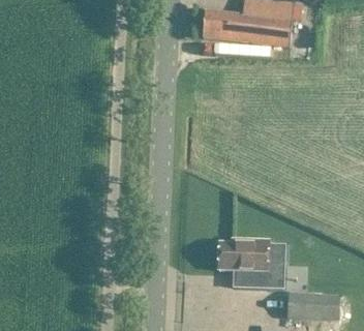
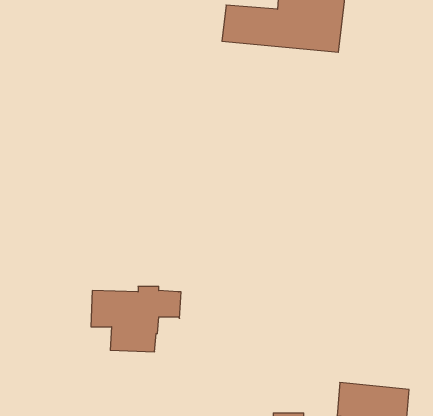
building: [218,240,285,289] -> [91,286,181,352]

